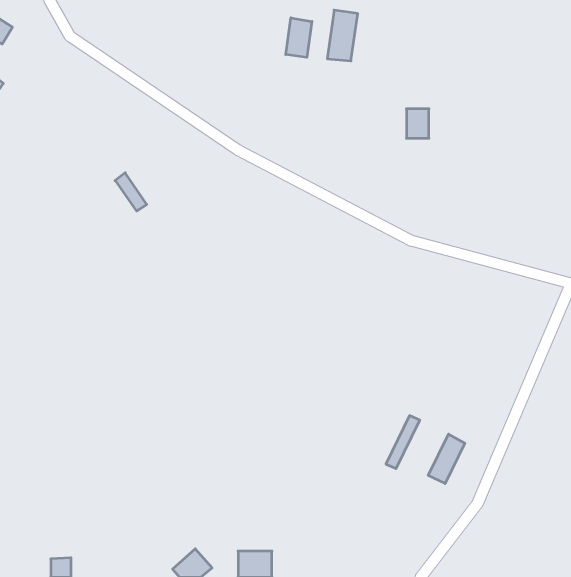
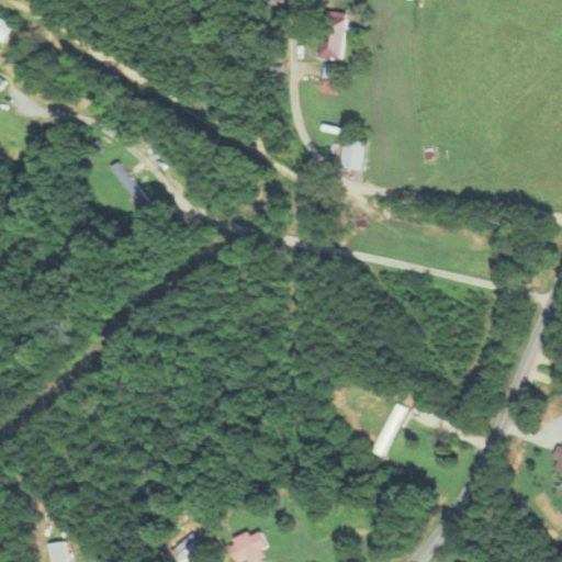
building: [286,18,312,57] -> none
building: [406,109,429,138] -> [344,140,366,169]
building: [428,434,465,484] -> none

